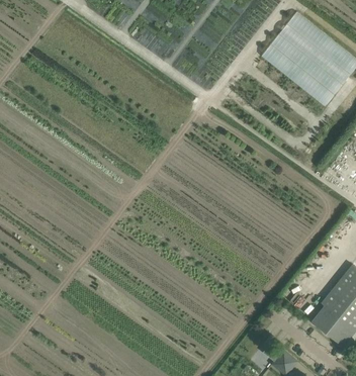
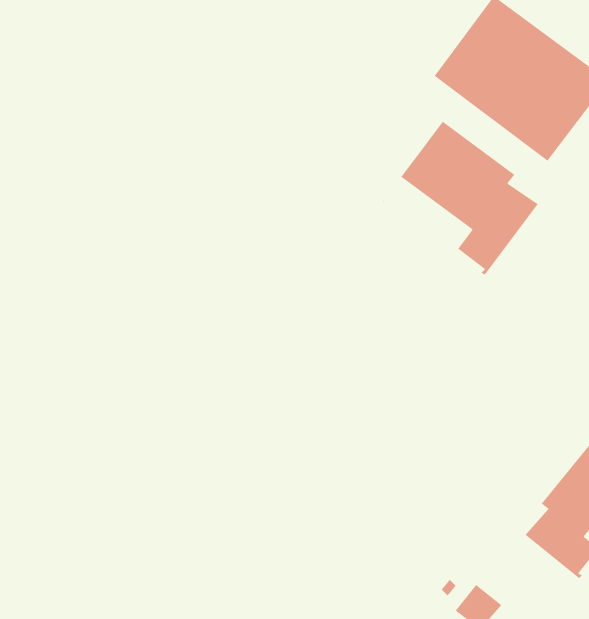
building: none -> [382,121,538,275]

